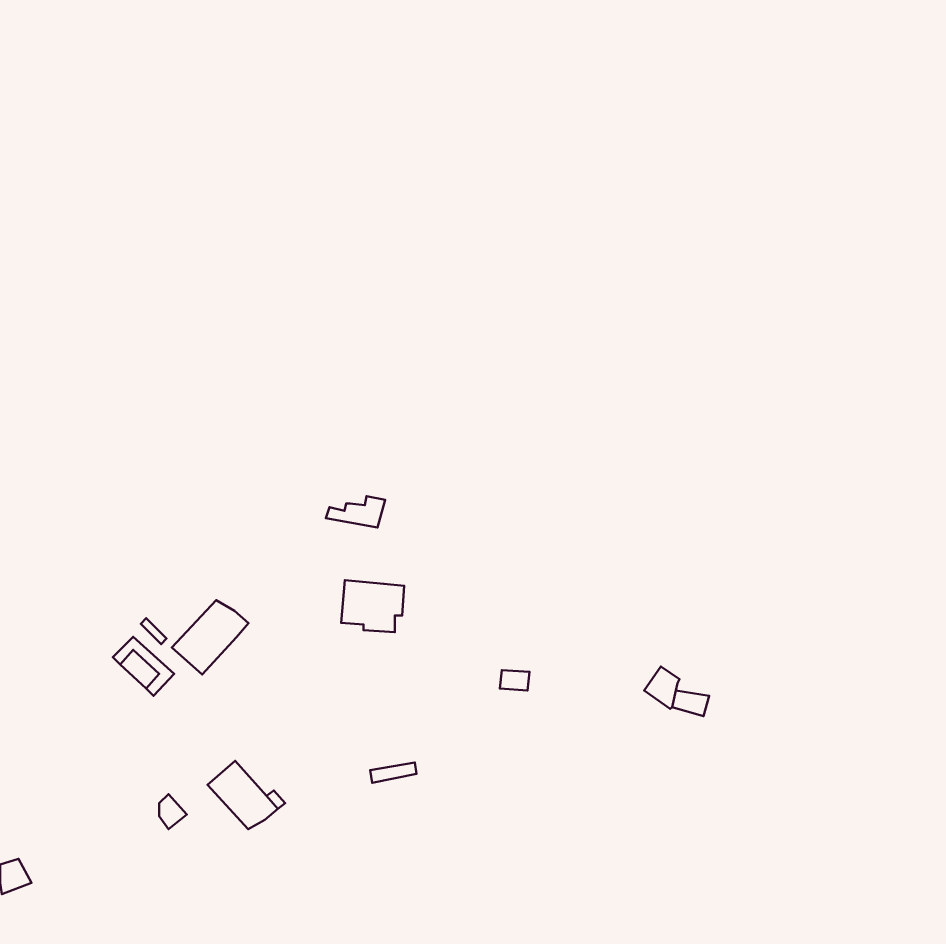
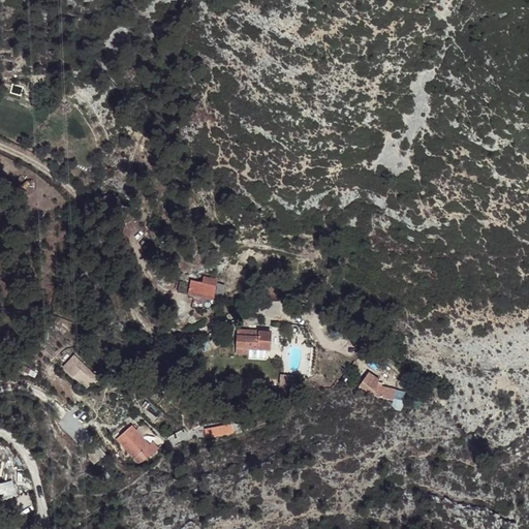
building: [341,580,404,632] -> [236,329,271,357]
building: [172,600,249,675] -> none

